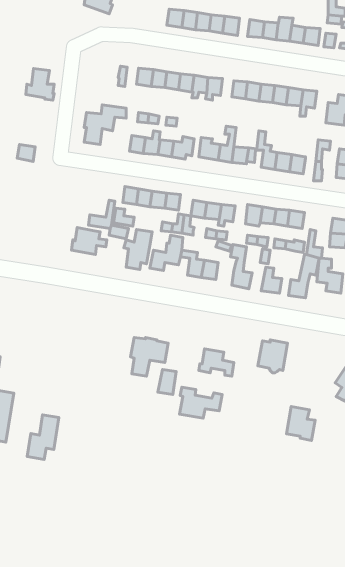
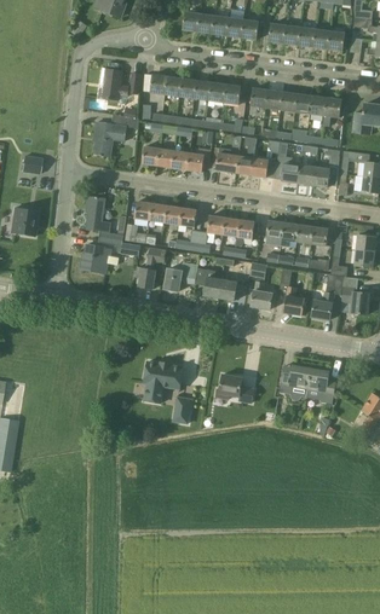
building: [26,68,54,100] -> [97,69,127,103]
building: none -> [86,197,109,231]
building: none -> [10,207,38,234]
building: [179,387,222,418] -> none
building: [287,407,315,441] -> [305,367,335,404]
building: [27,415,59,460] -> none

